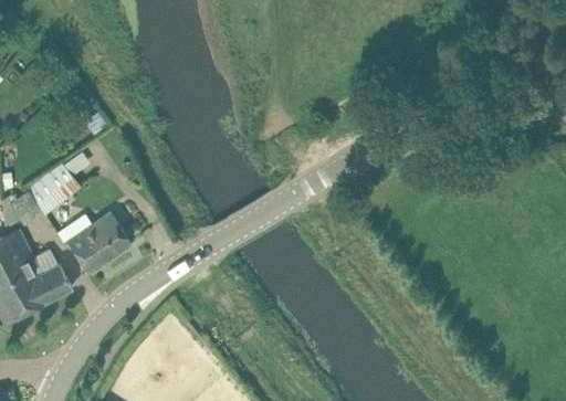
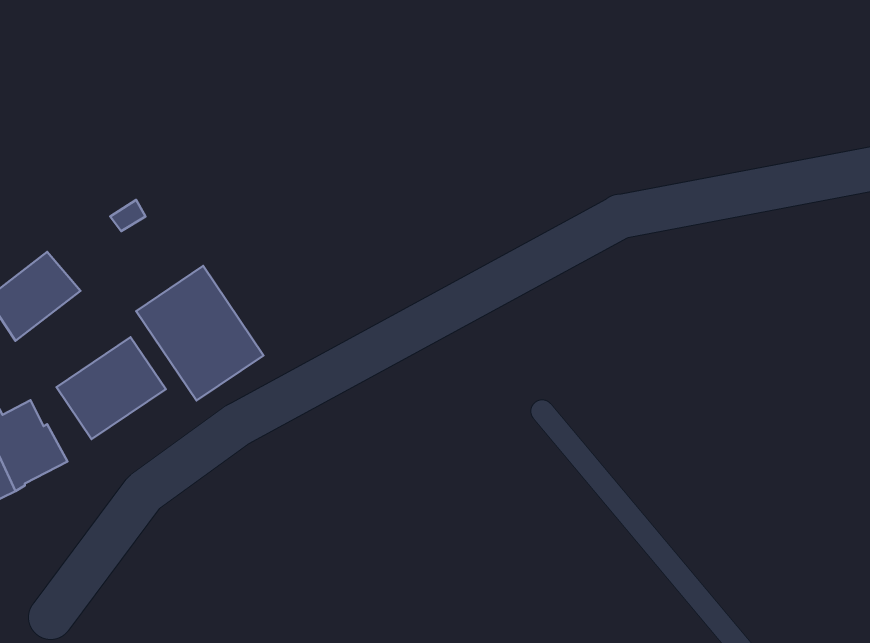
building: none -> [136,266,264,401]

